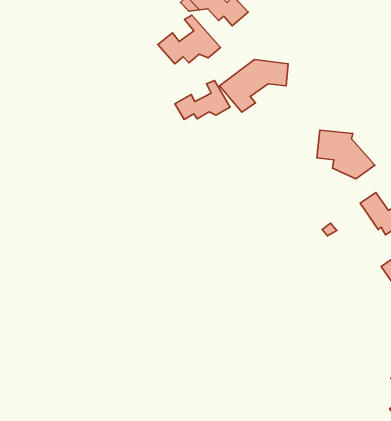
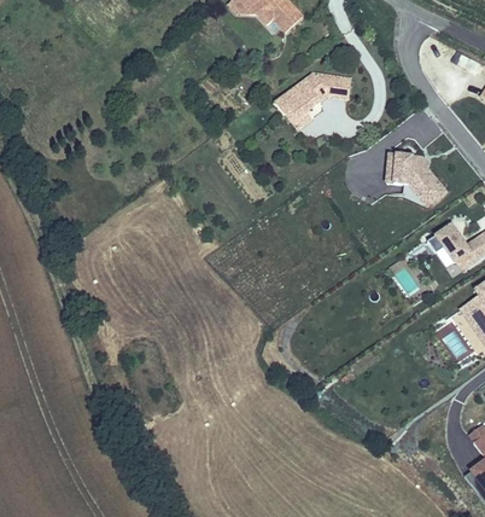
building: [158,15,220,64] -> none
building: [175,81,230,120] -> none

